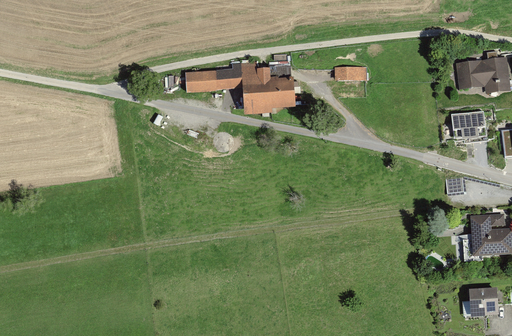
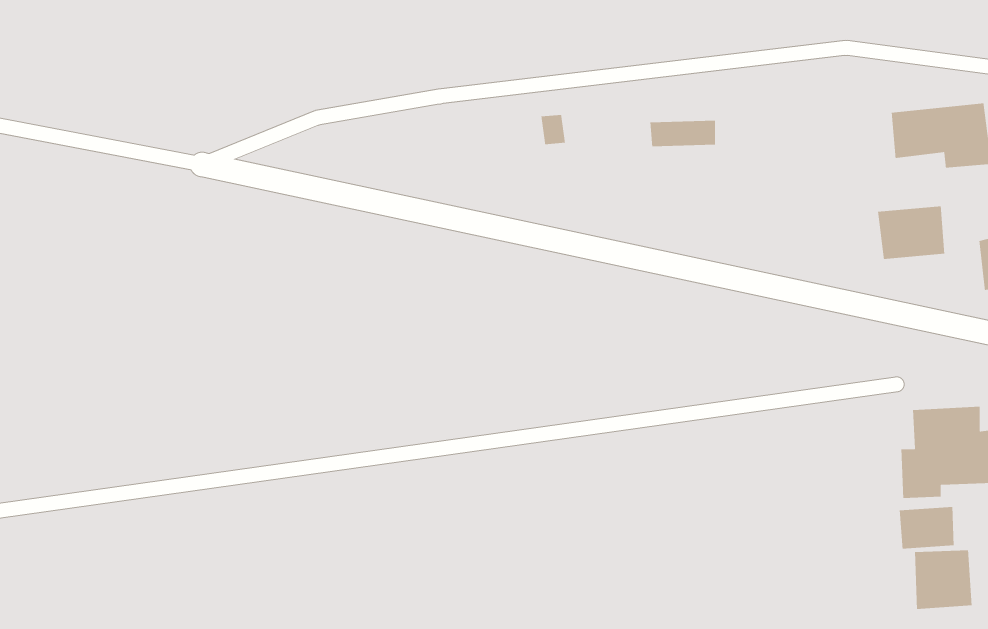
building: [185,62,295,113] -> none
building: none -> [899,506,955,549]

